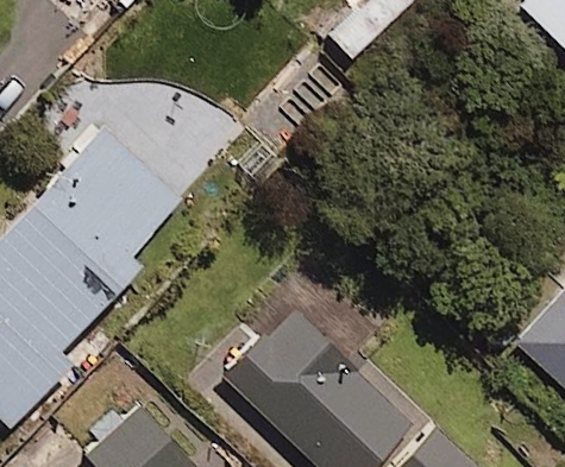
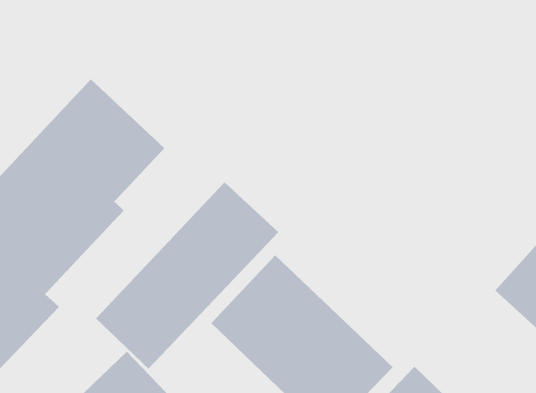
building: none -> [95,181,279,369]

